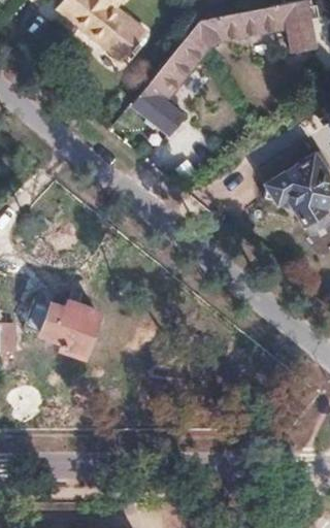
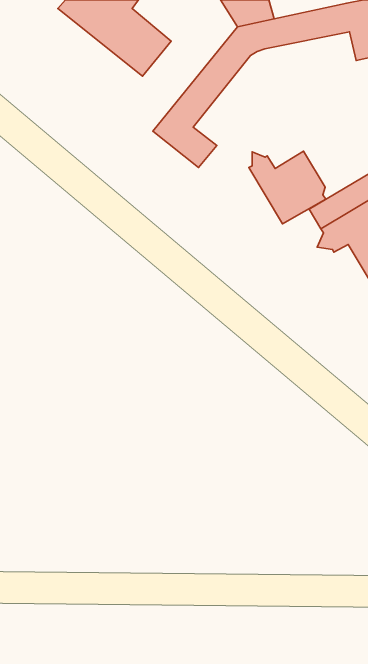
building: none -> [249,151,326,224]
building: [19,303,96,363] -> none

